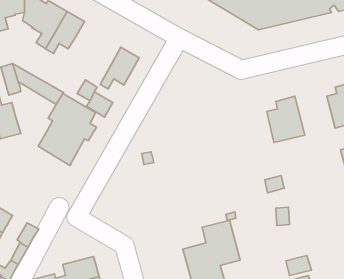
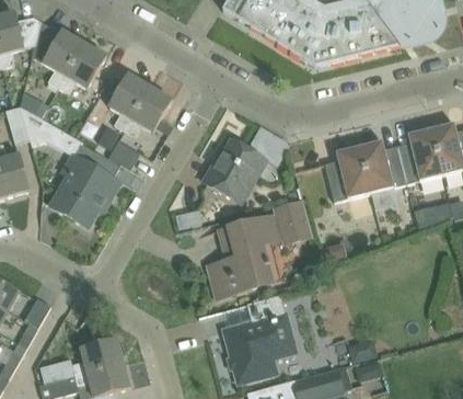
building: none -> [108,73,150,130]
building: none -> [204,125,278,203]
building: none -> [359,139,407,192]
building: none -> [207,185,311,298]

